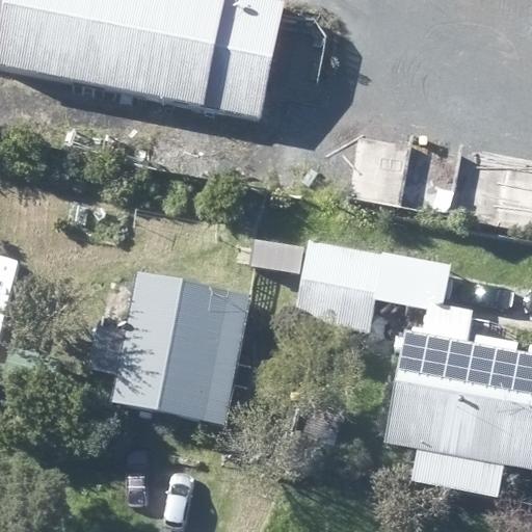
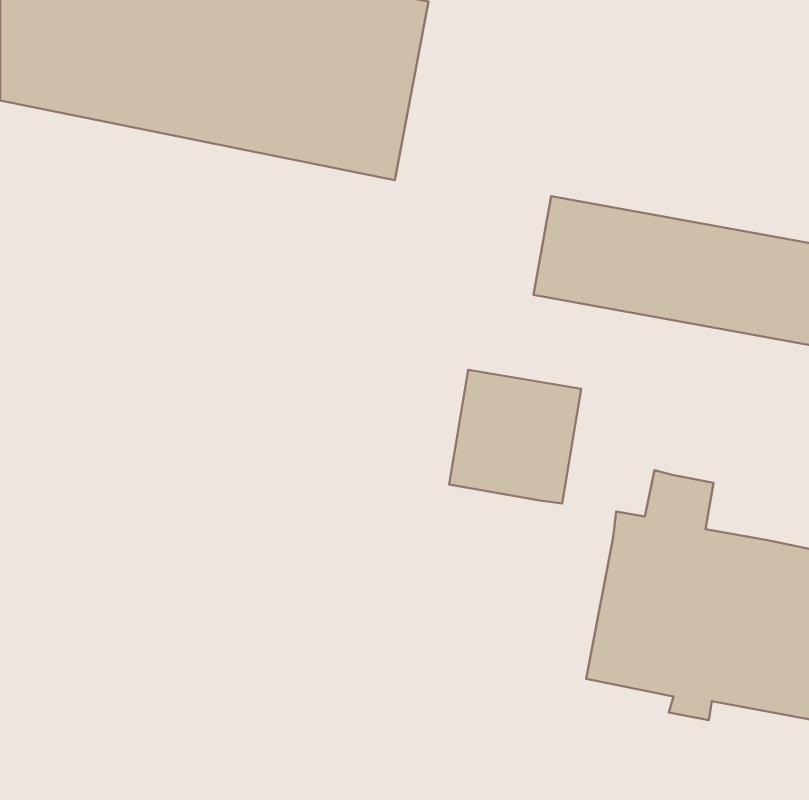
building: [87,276,248,424] -> none

